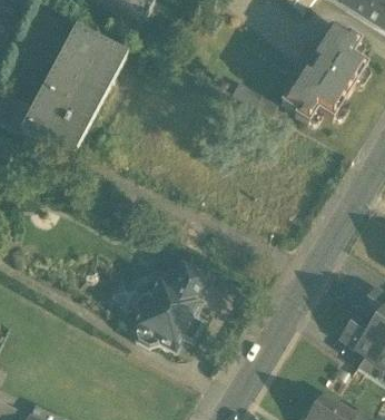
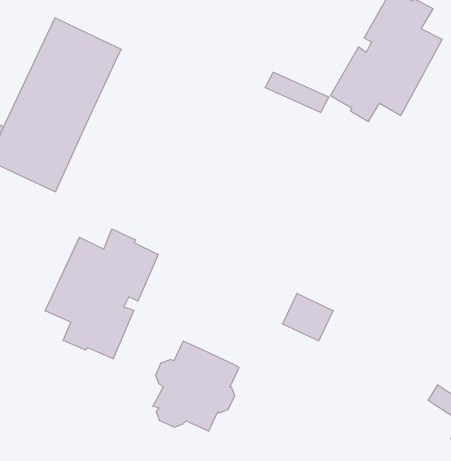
building: none -> [45,229,158,359]
building: [170,262,209,299] -> [282,293,333,341]

